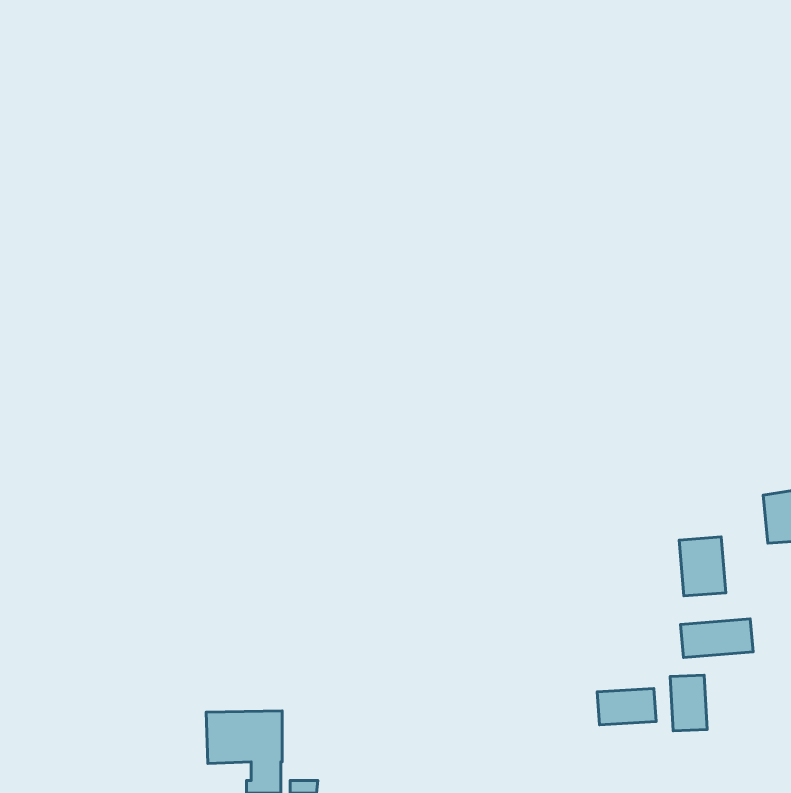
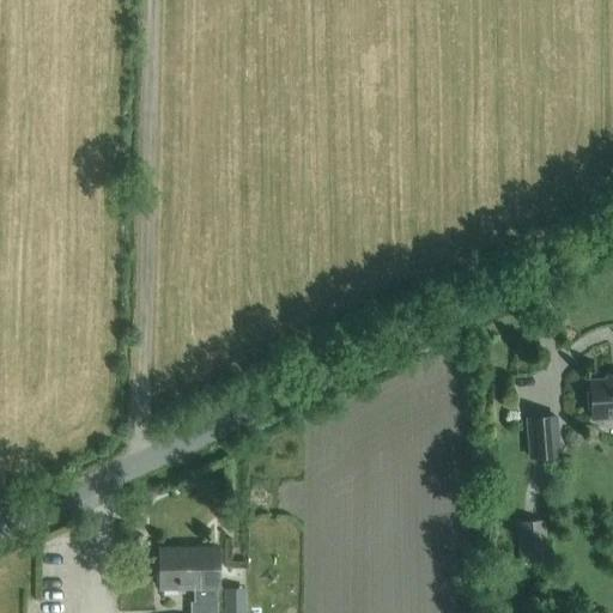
building: [680,619,753,657] -> none
building: [597,689,656,725] -> none

